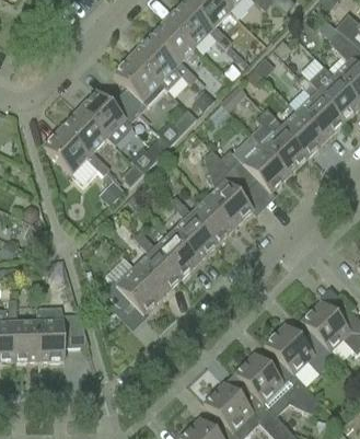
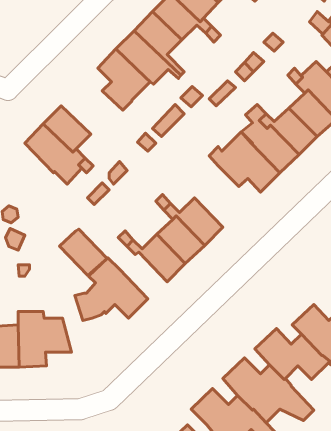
building: [79,91,138,145] -> none
building: [204,149,253,227] -> none
building: [135,251,181,296] -> [60,229,107,276]

